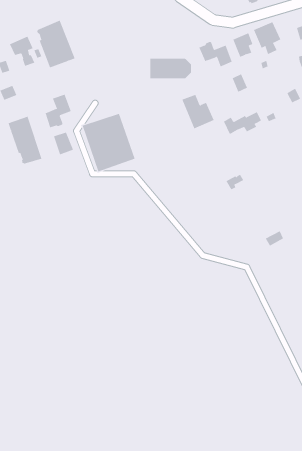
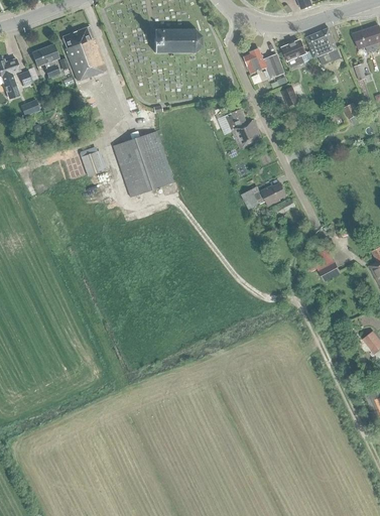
building: [150,58,192,79] -> [154,29,202,52]
building: [45,94,72,128] -> none
building: [223,112,262,135] -> [242,182,285,209]
building: [8,116,42,165] -> none

